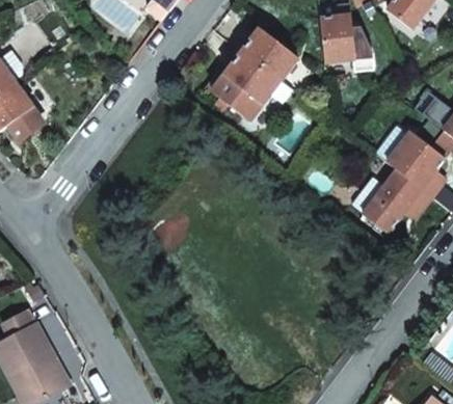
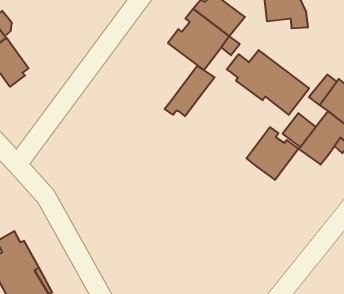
building: none -> [227,50,309,115]
building: none -> [165,66,215,116]
building: none -> [246,127,298,180]

